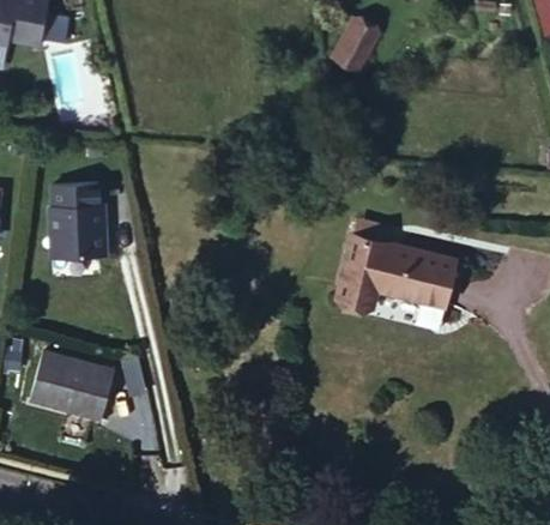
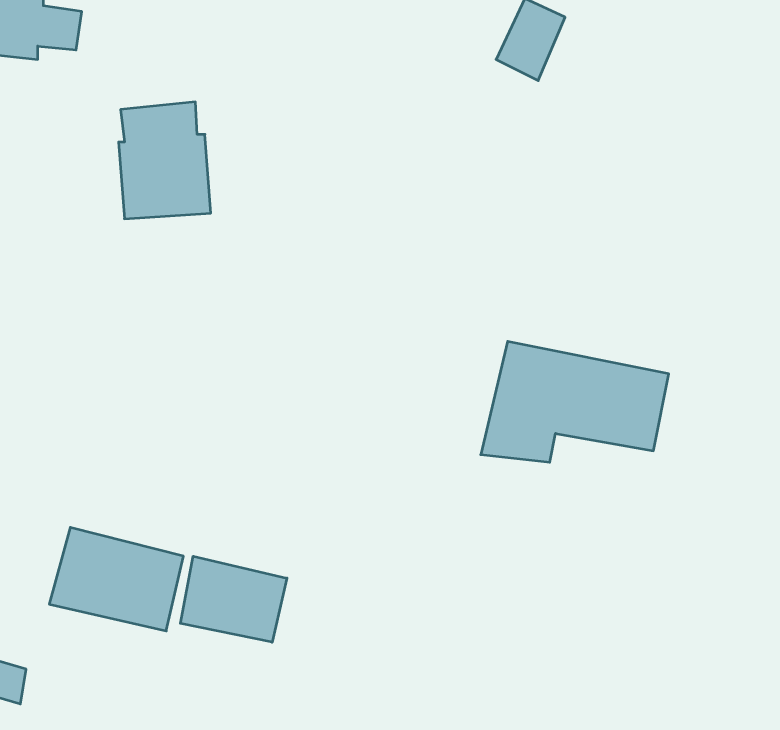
building: [50,186,108,259] -> [119,102,211,219]
building: none -> [180,556,287,642]

